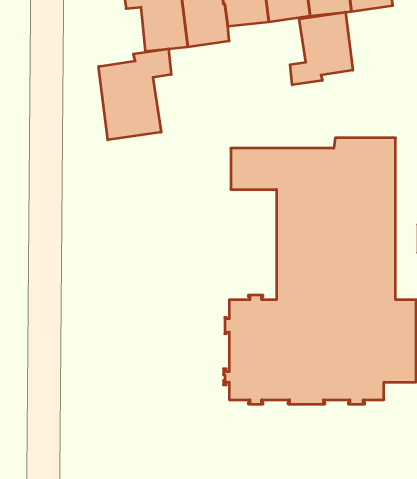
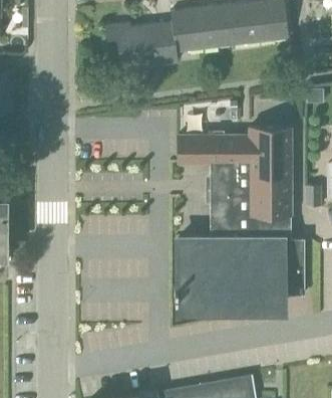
building: [290,12,353,85] -> none
building: [99,49,171,140] -> none

